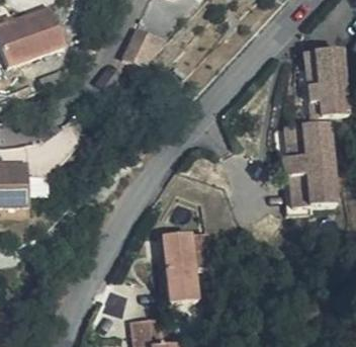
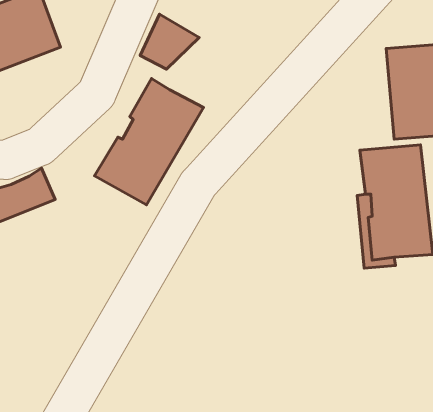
building: none -> [94,79,203,205]
building: [166,228,200,298] -> none

